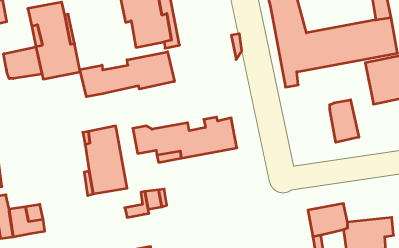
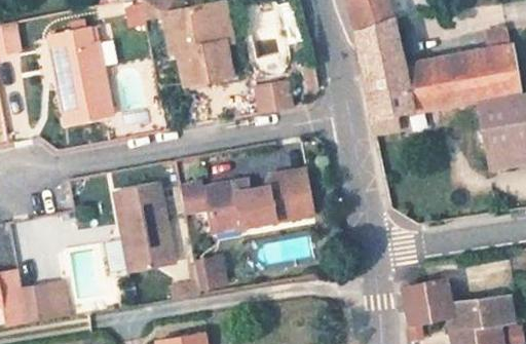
building: none -> [257,82,293,113]
building: [4,47,42,79] -> none
building: [80,52,174,97] -> none
building: [330,100,359,142] -> none

